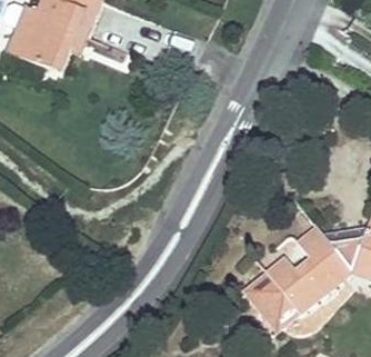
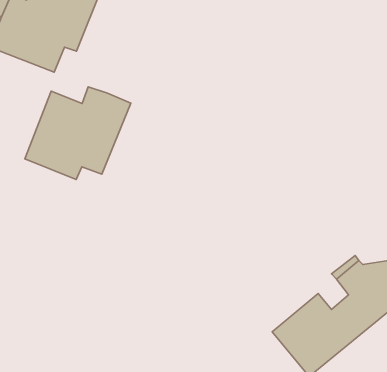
building: none -> [25,87,131,180]

